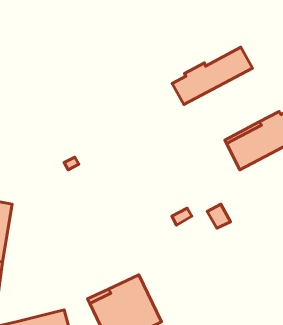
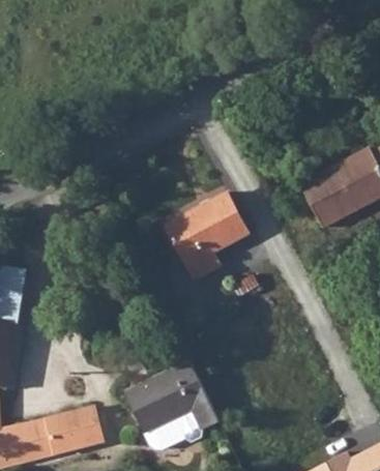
building: [172,47,252,105] -> none
building: none -> [165,192,247,278]

